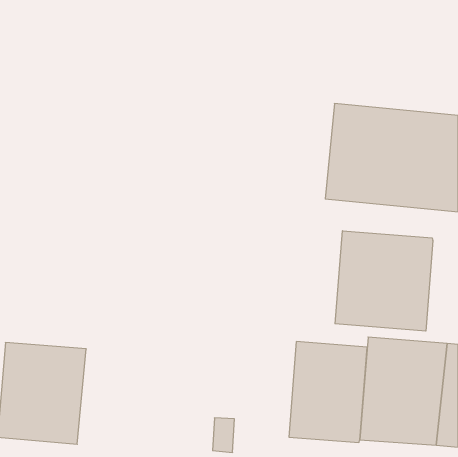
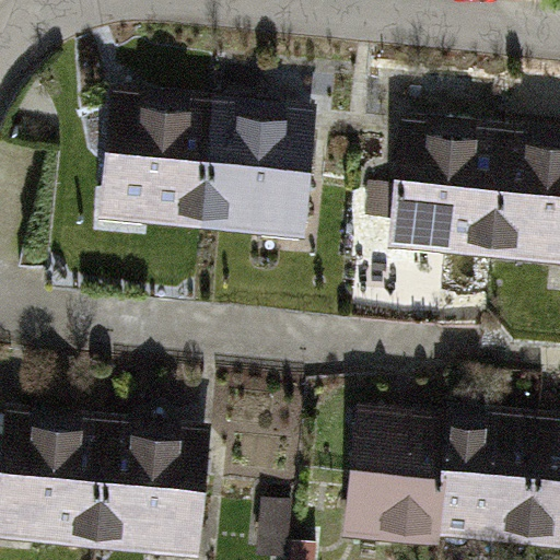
building: none -> [102,105,302,234]
building: [335,231,433,331] -> none
building: none -> [93,429,199,552]

